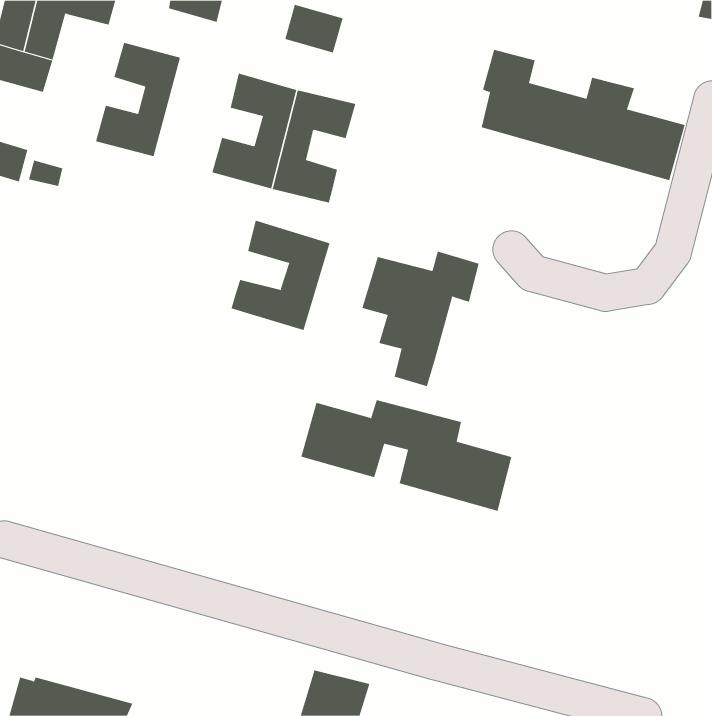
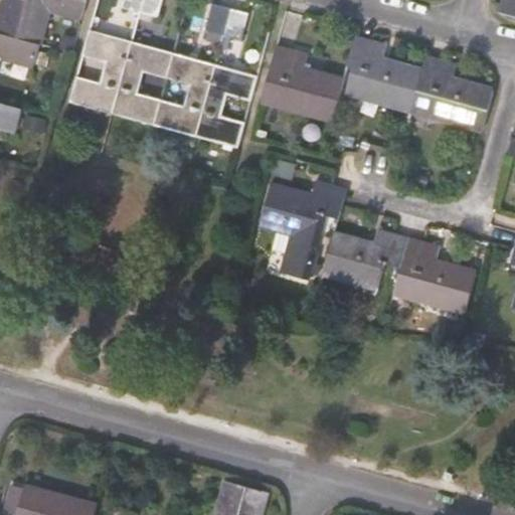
building: none -> [111,41,171,124]
building: none -> [260,45,342,120]
building: [231,220,330,331] -> none
building: [301,399,512,512] -> [322,230,474,311]

